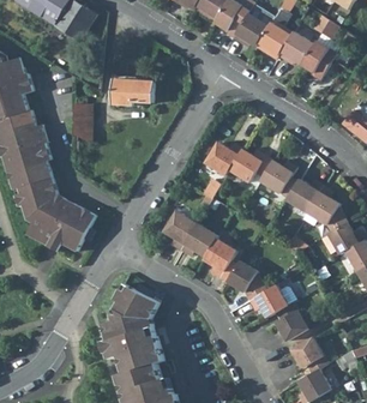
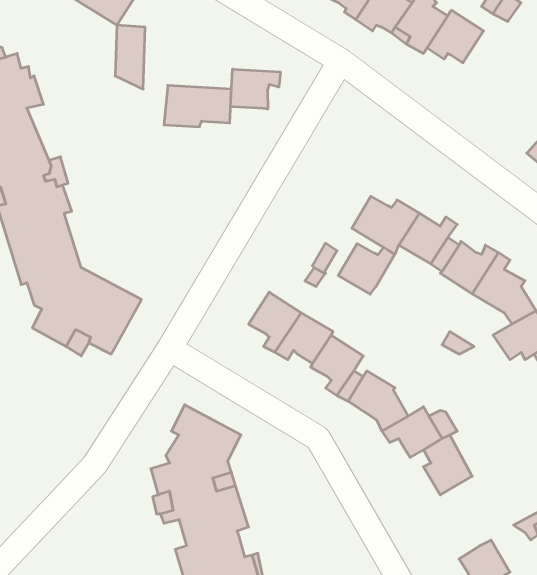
building: [300,41,336,80] -> none
building: none -> [231,69,280,109]
building: [73,103,92,144] -> [115,25,145,89]
building: [205,143,241,175] -> [338,244,395,294]
building: [290,337,326,373] -> none

